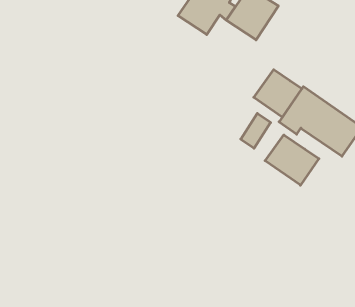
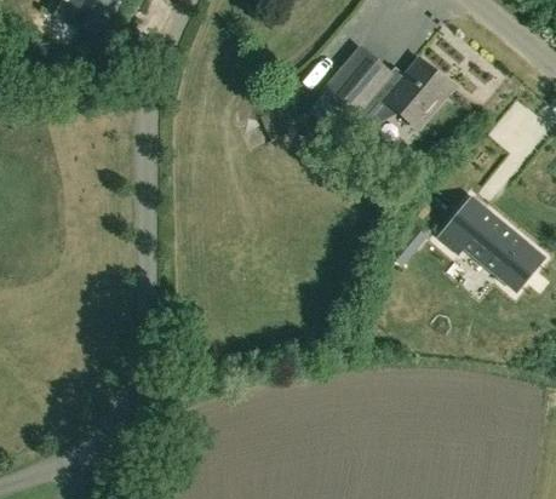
building: [254,70,302,117] -> none
building: [265,135,319,185] -> none

